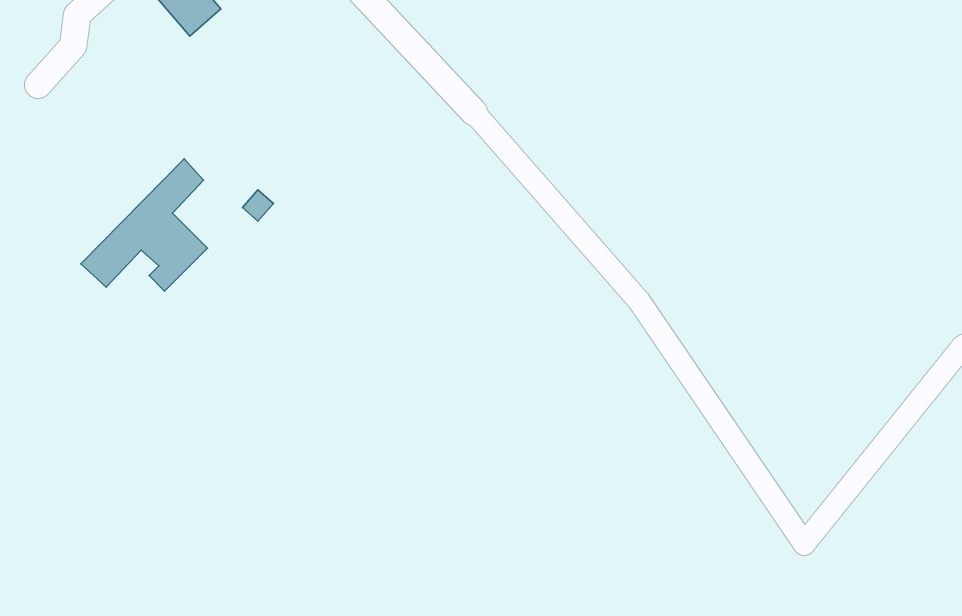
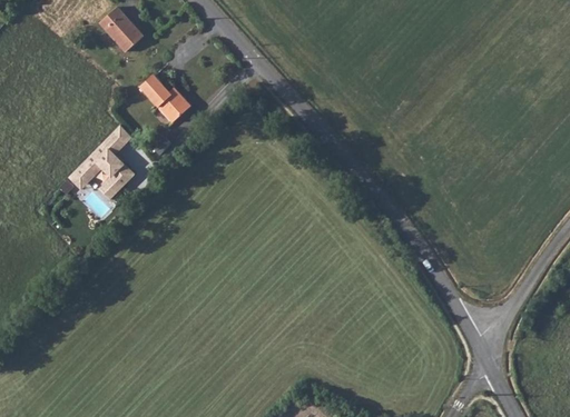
building: none -> [140,76,190,122]

